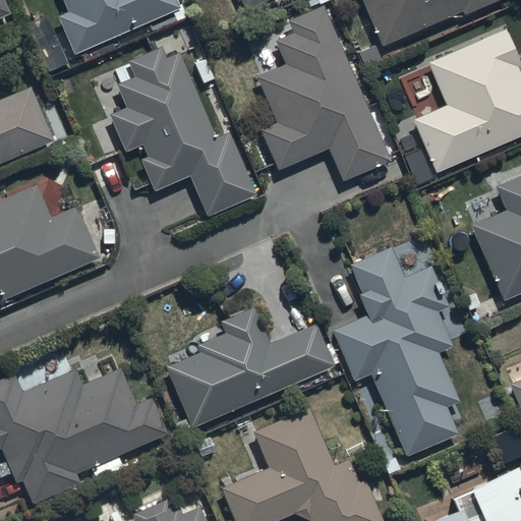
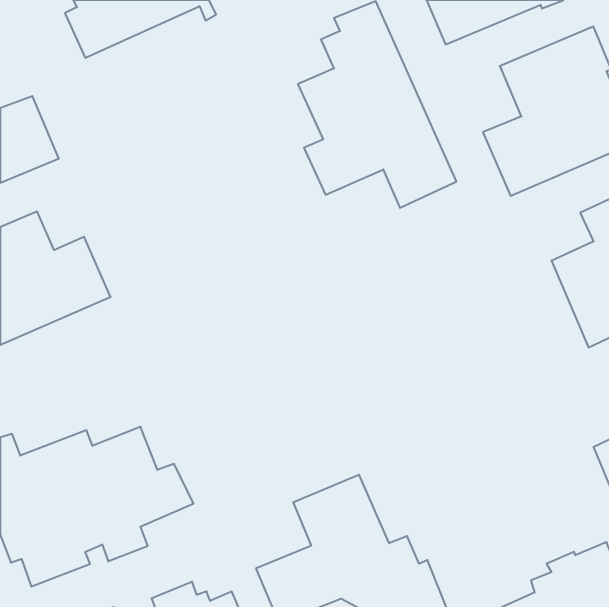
building: [111,47,257,216] -> none
building: [330,247,460,456] -> none
building: [166,307,334,426] -> none

